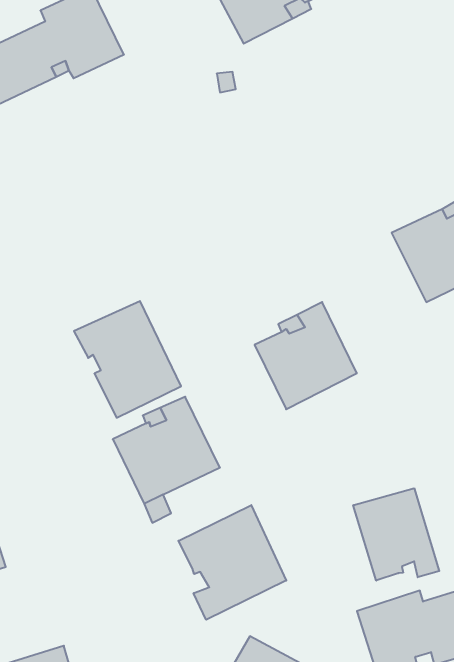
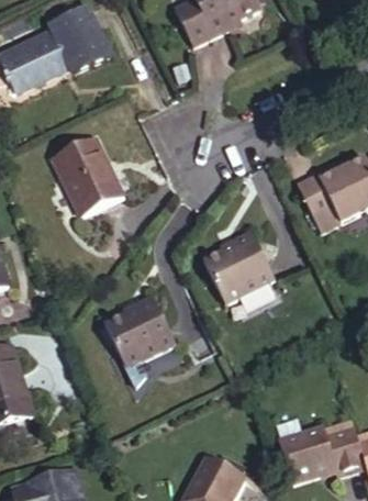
building: [74,301,181,418] -> [53,137,127,219]
building: [353,488,439,581] -> none
building: [178,505,286,620] -> none

